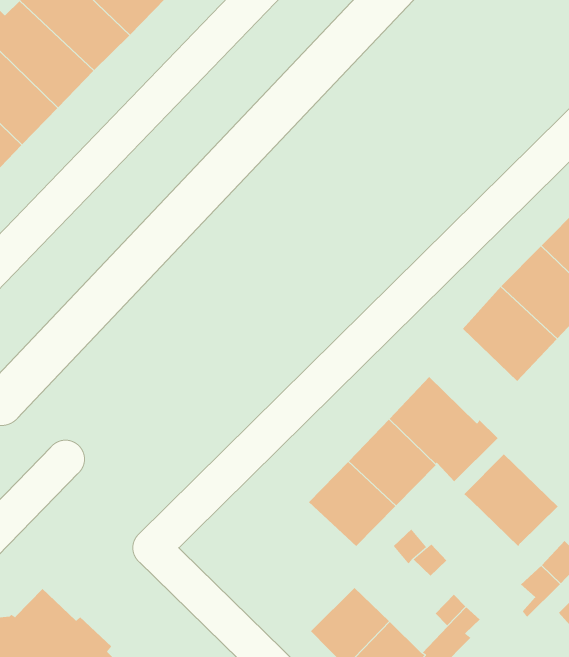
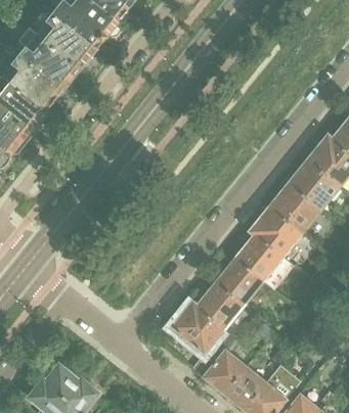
building: [463,453,559,547] -> [250,208,301,257]
building: none -> [172,303,223,353]

